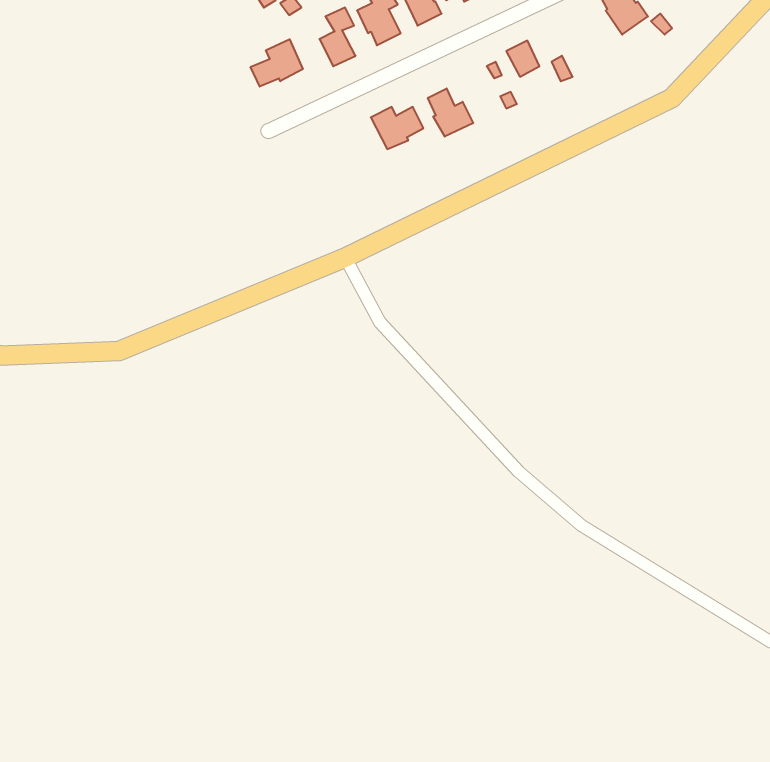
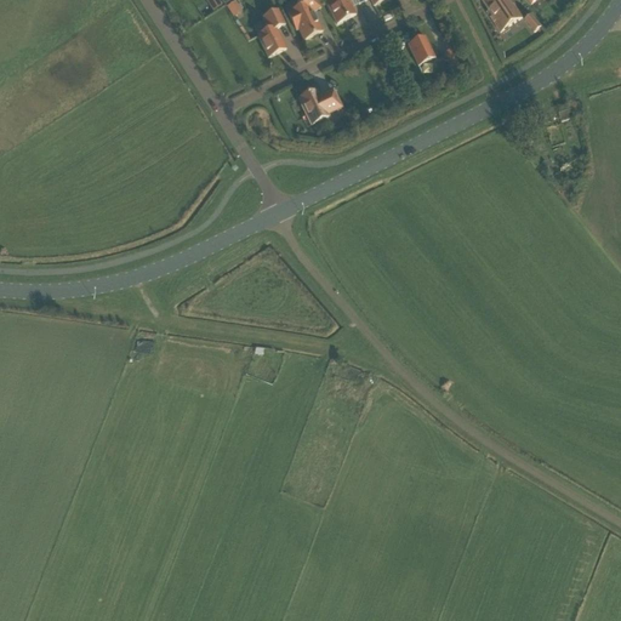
building: [251,39,303,87] -> none
building: [428,88,473,137] -> none

